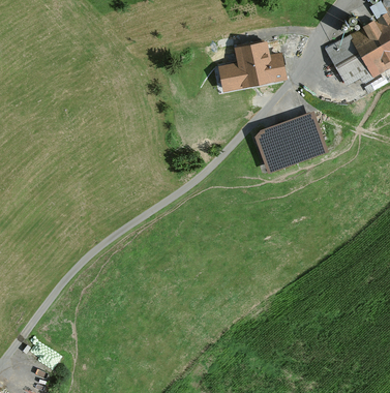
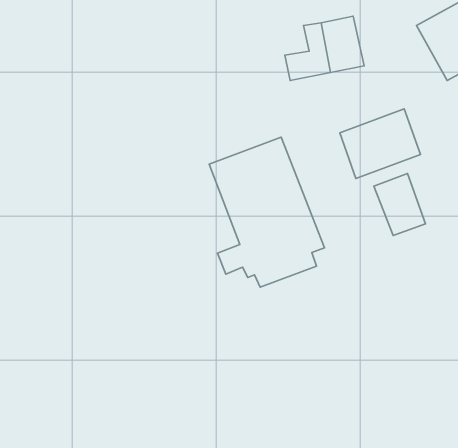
building: none -> [209,137,324,287]
building: none -> [374,174,425,236]

